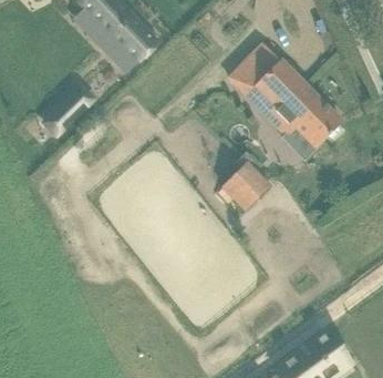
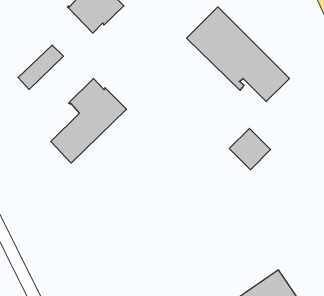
building: none -> [51,78,127,163]
building: [224,162,269,207] -> [229,128,271,170]

